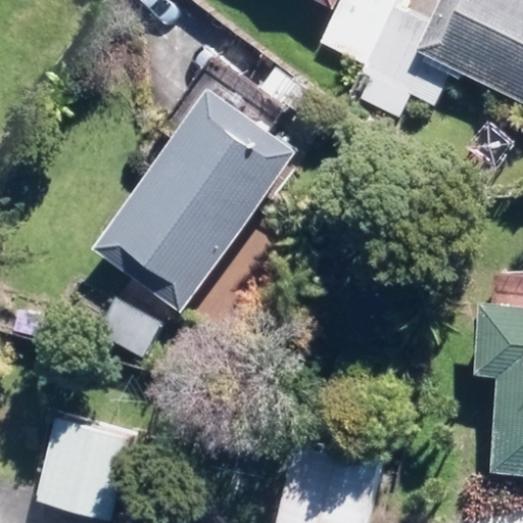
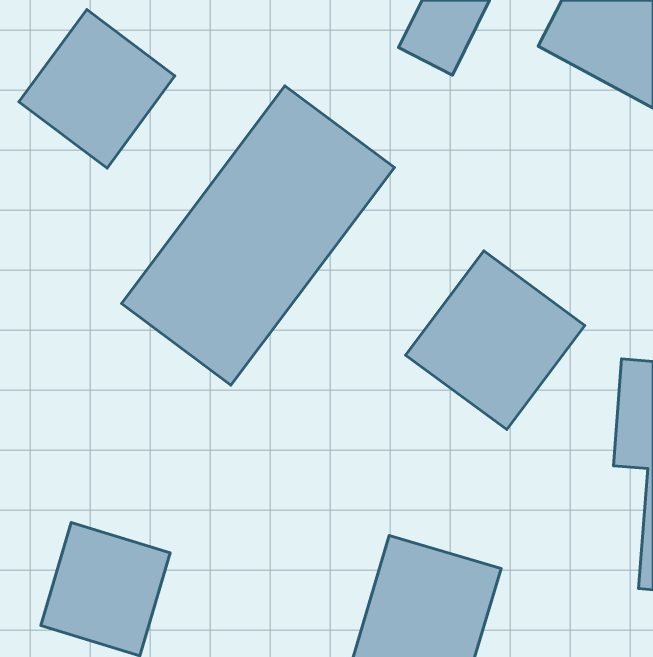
building: none -> [19,10,175,168]
building: none -> [405,251,585,429]

